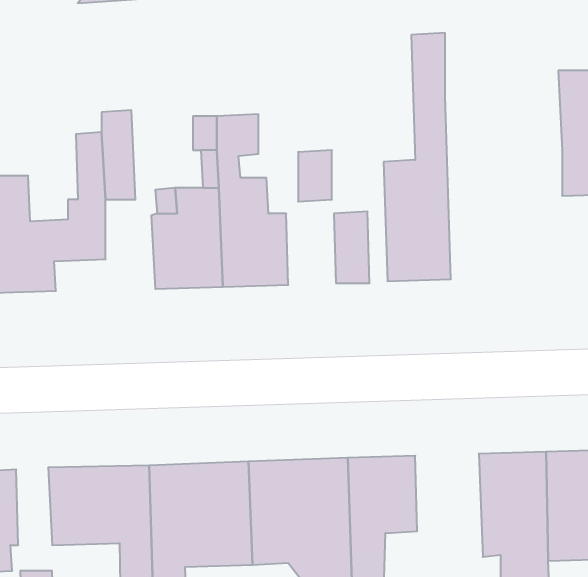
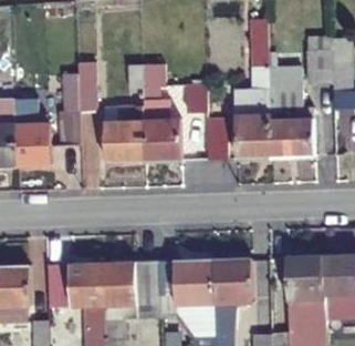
building: none -> [306,40,333,84]
building: none -> [268,53,313,156]

